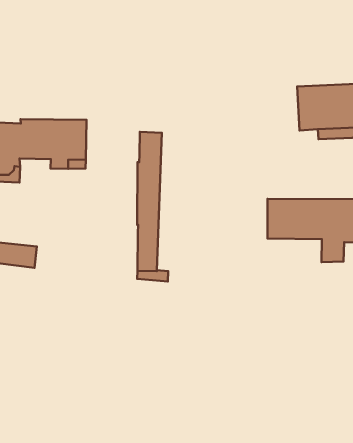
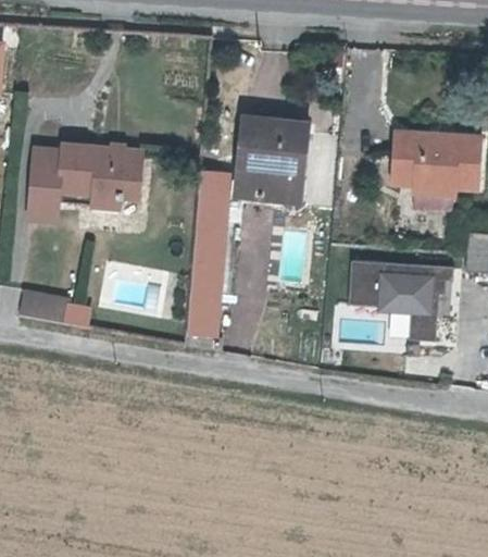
building: none -> [239,121,304,202]

